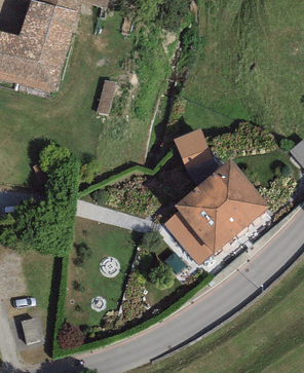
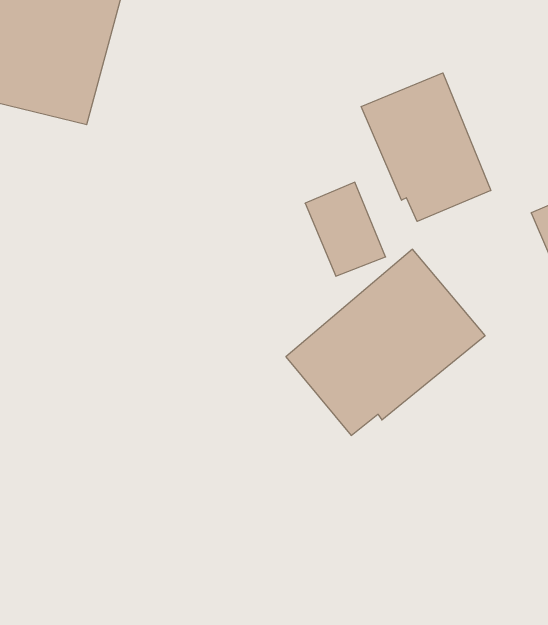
building: none -> [361,73,491,221]

